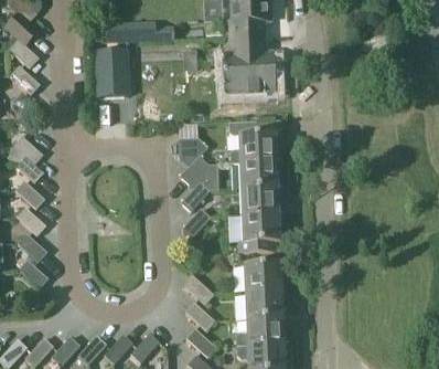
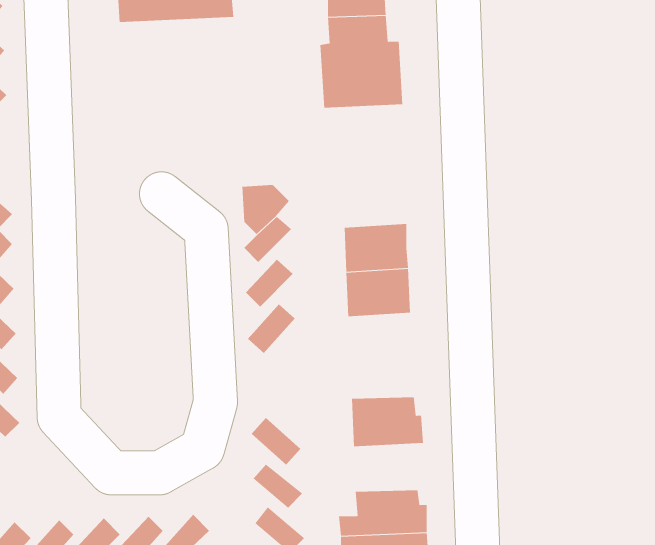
building: [93,52,121,94] -> none
building: [228,122,277,162] -> none
building: [237,213,280,253] -> none
building: [245,291,288,319] -> none

